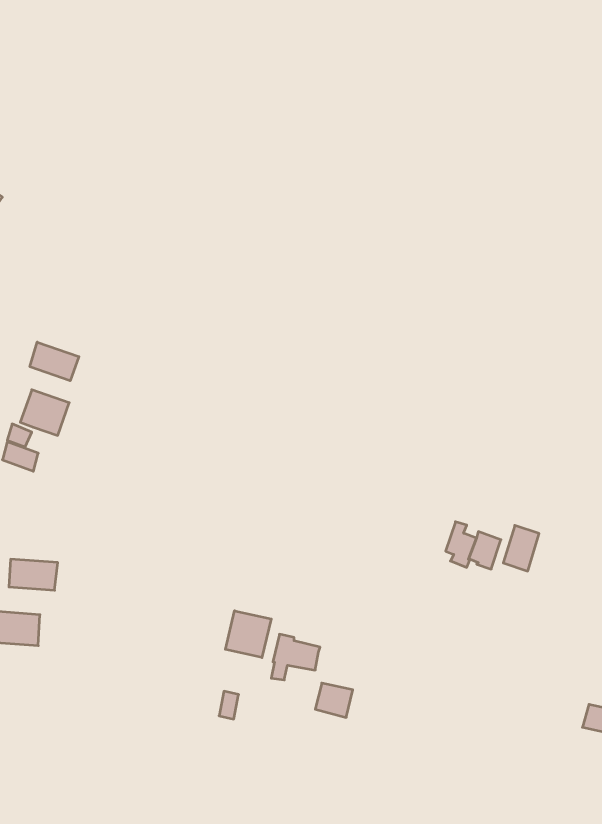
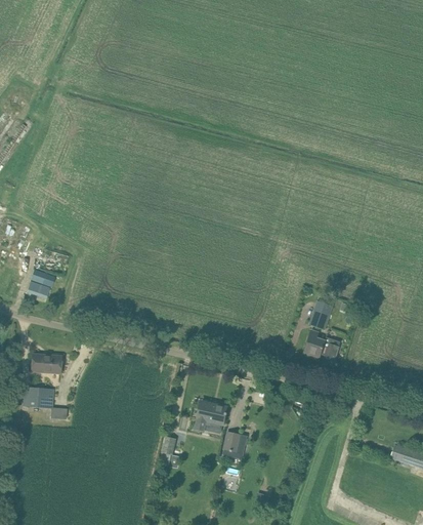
building: [30,342,79,381] -> none
building: [503,525,539,571] -> [309,300,332,329]
building: [225,611,271,658] -> none

